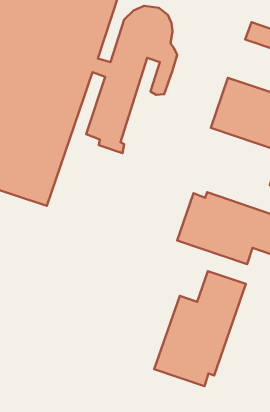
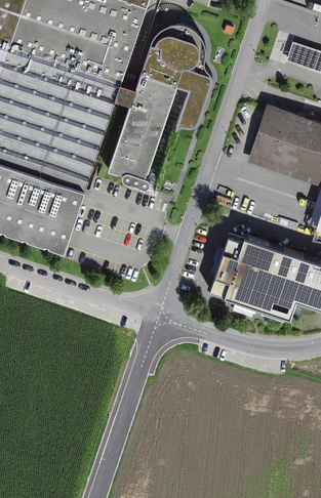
building: [154,271,246,386] -> none

